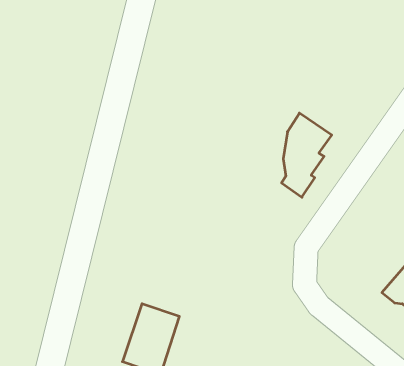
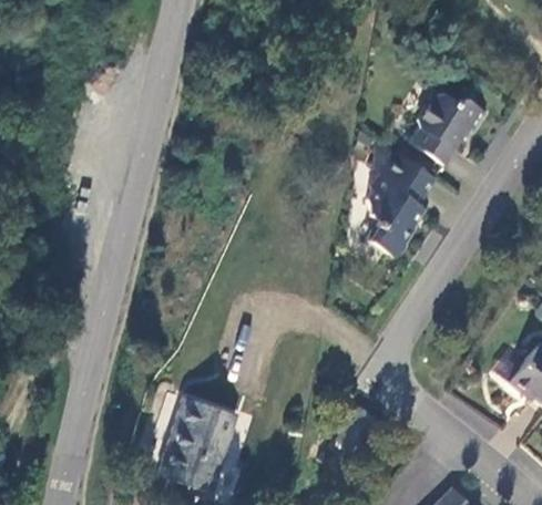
building: none -> [413,90,490,161]

